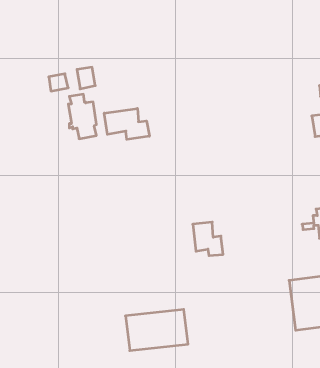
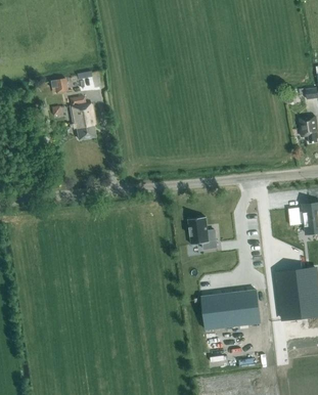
building: [104,108,149,139] -> none
building: [125,309,188,351] -> [201,290,261,328]

